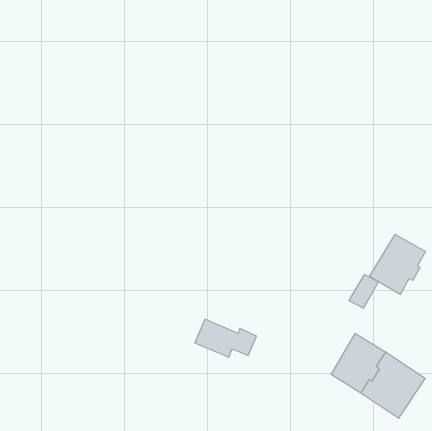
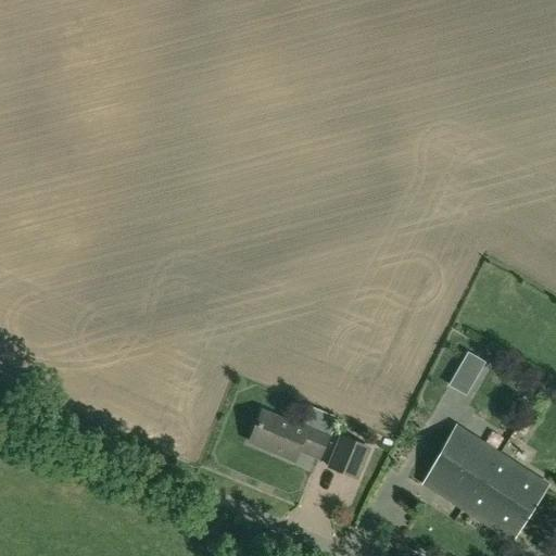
building: [369,234,426,295] -> none
building: none -> [329,435,369,477]

